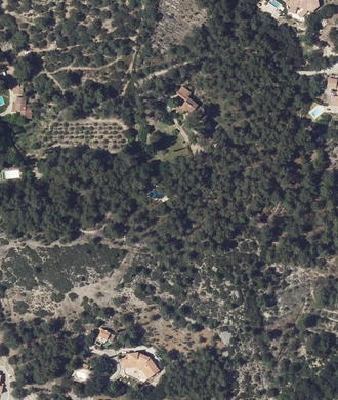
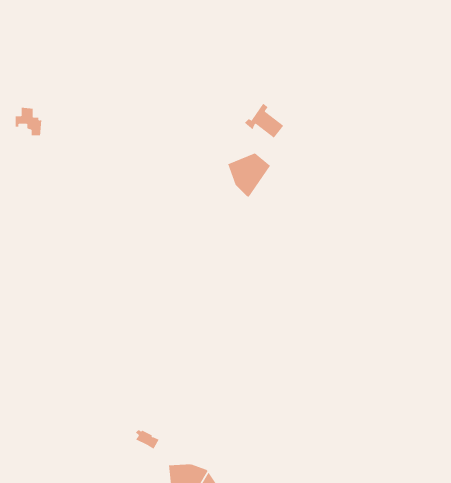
building: none -> [227,153,271,198]

